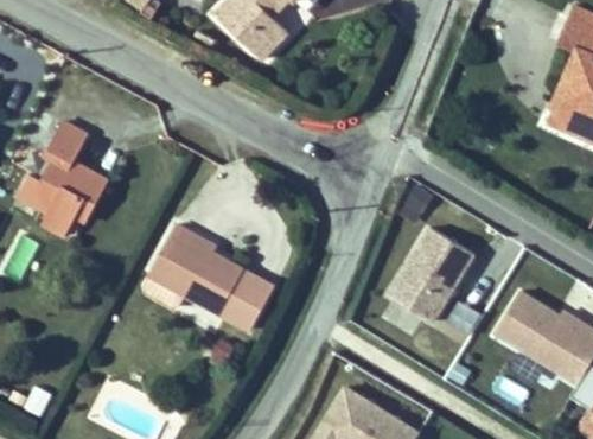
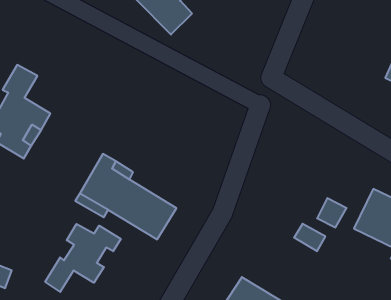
building: [398,217,484,312] -> none
building: none -> [45,224,121,292]

